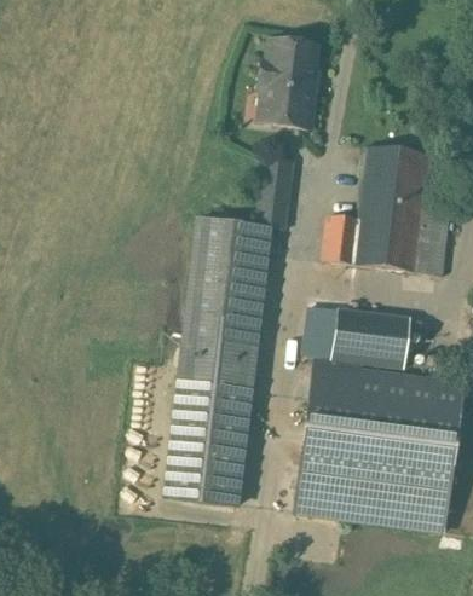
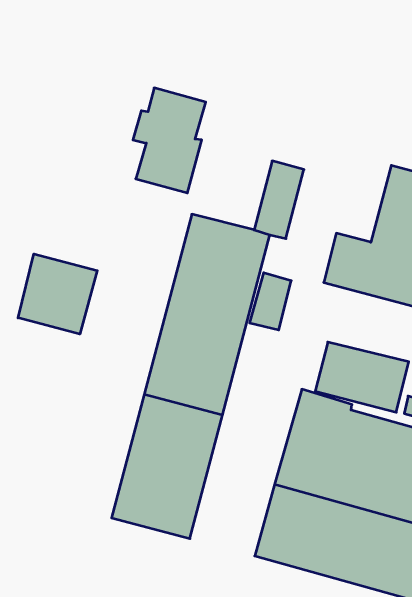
building: [260,36,321,125] -> [133,88,206,193]
building: none -> [18,254,97,334]
building: [304,308,335,357] -> [250,273,291,330]

